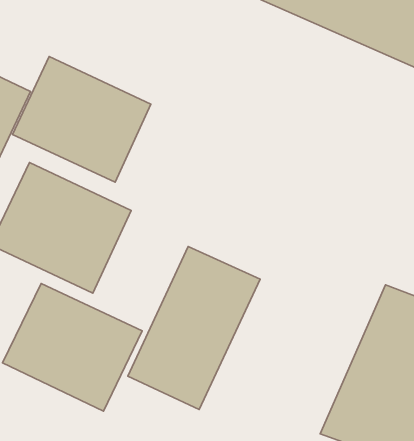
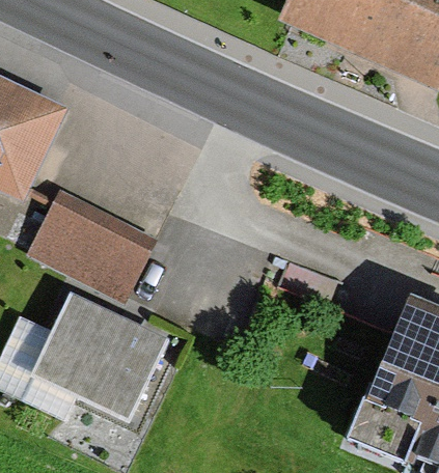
building: [12,56,151,182] -> none
building: [128,247,260,410] -> none

